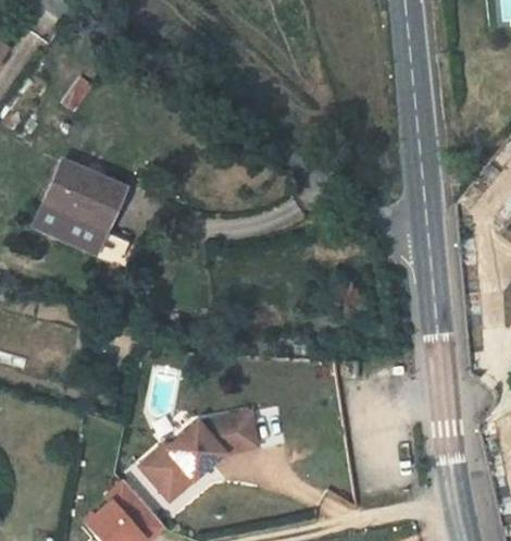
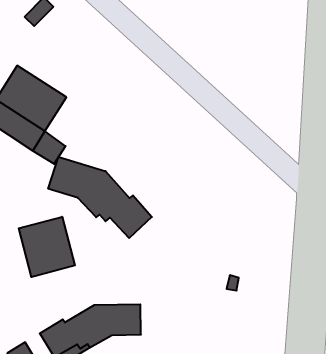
building: none -> [48,157,152,238]
building: none -> [19,217,75,277]

